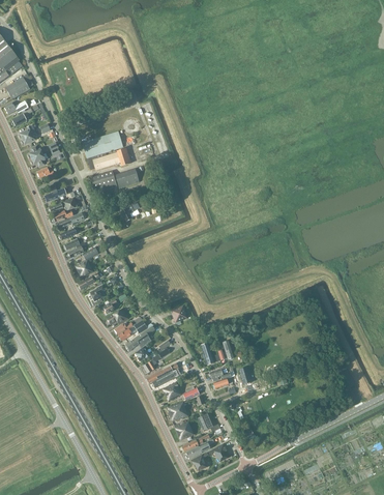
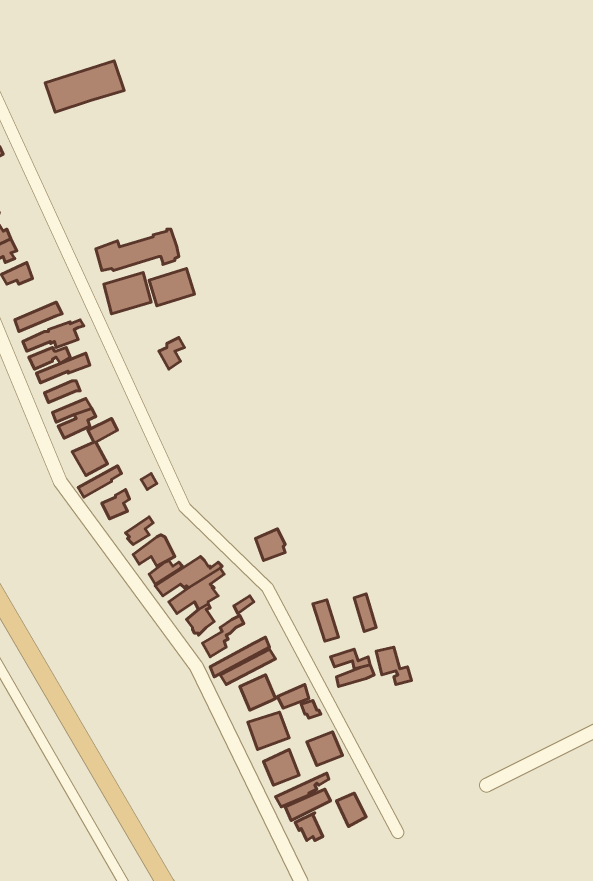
building: [82,132,123,158] -> [45,61,124,112]

